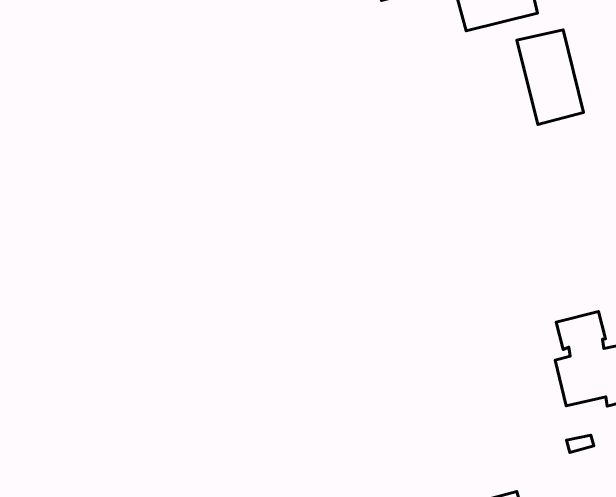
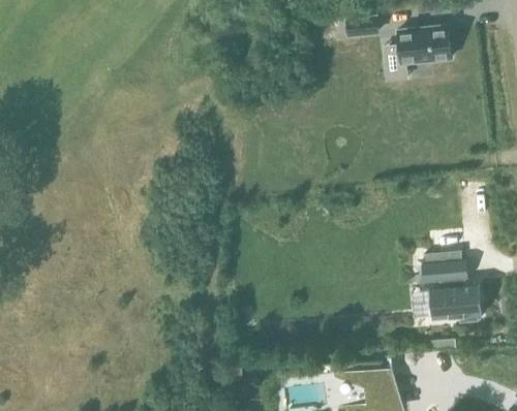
building: [517,30,583,125] -> none

